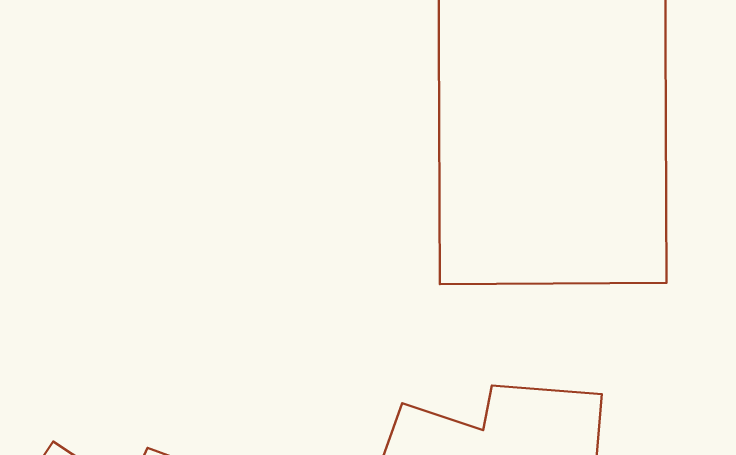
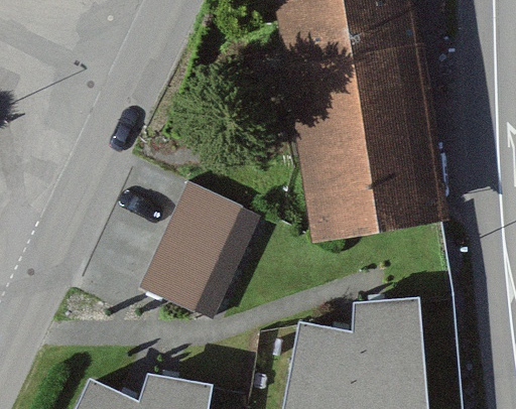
building: none -> [140,183,257,323]

